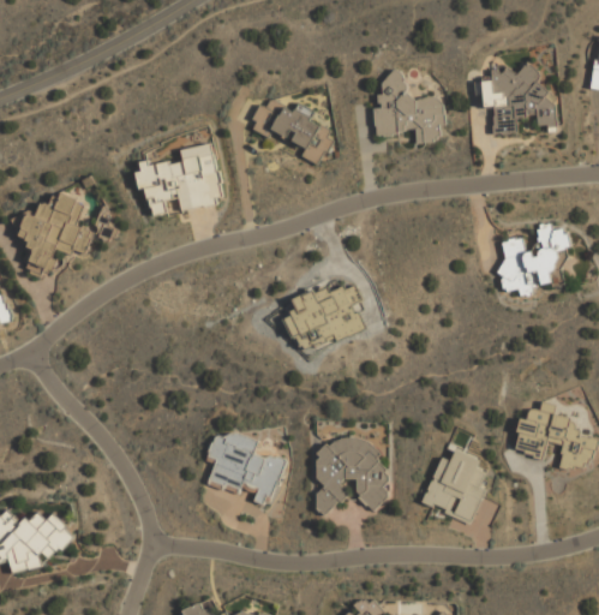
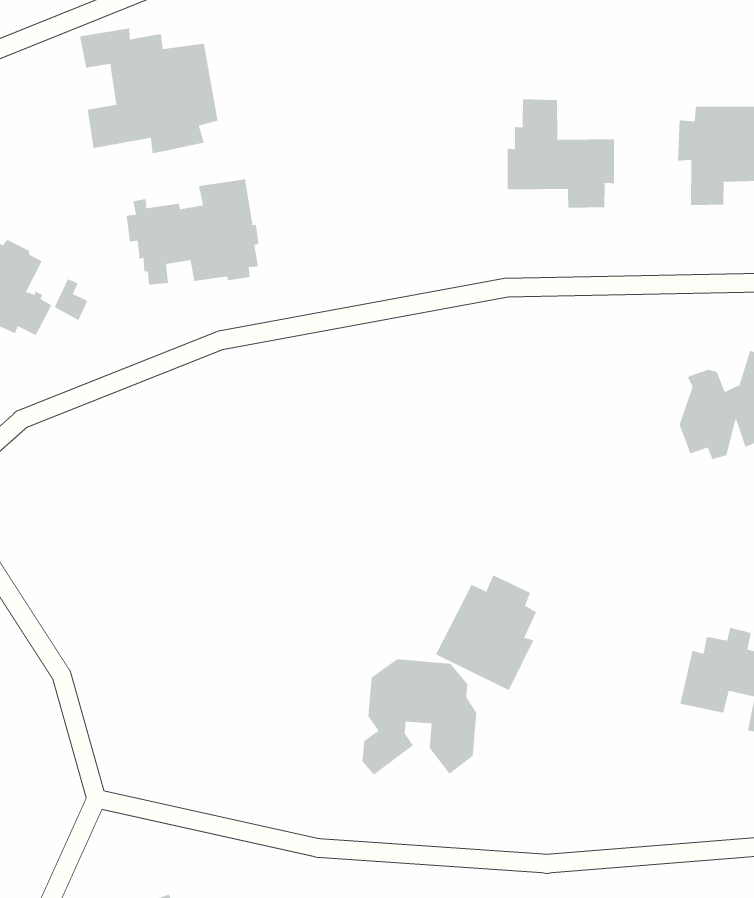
building: none -> [79,28,218,154]
building: [250,101,331,165] -> none
building: [206,429,282,506] -> none
building: [421,449,484,523] -> [435,575,537,691]

